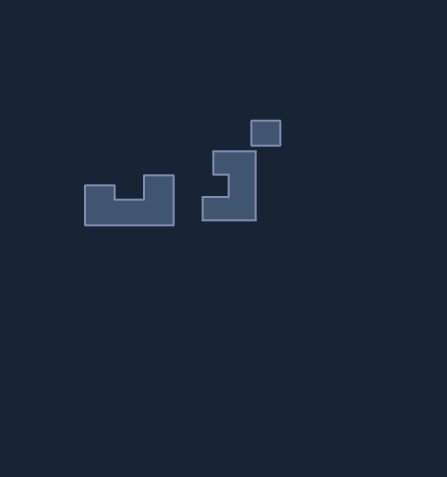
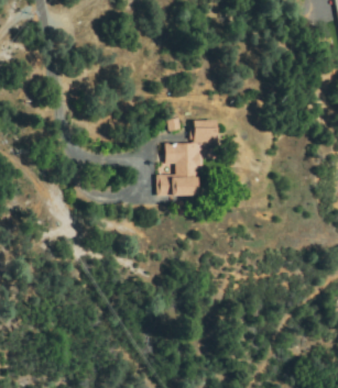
building: [85,175,174,225] -> none

